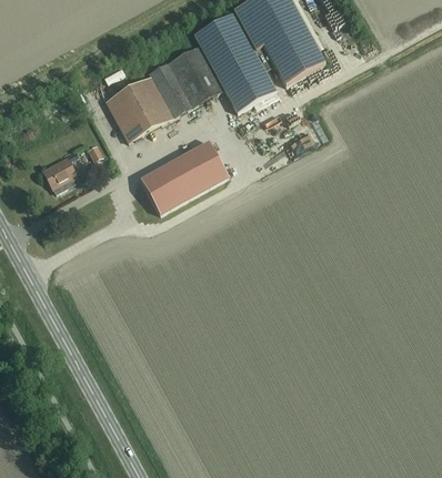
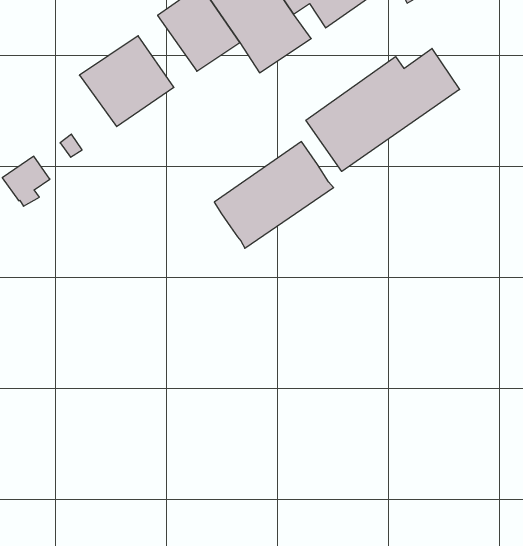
building: [149,63,191,116] -> none
building: none -> [306,48,460,171]
building: [141,140,229,213] -> [214,142,334,248]

